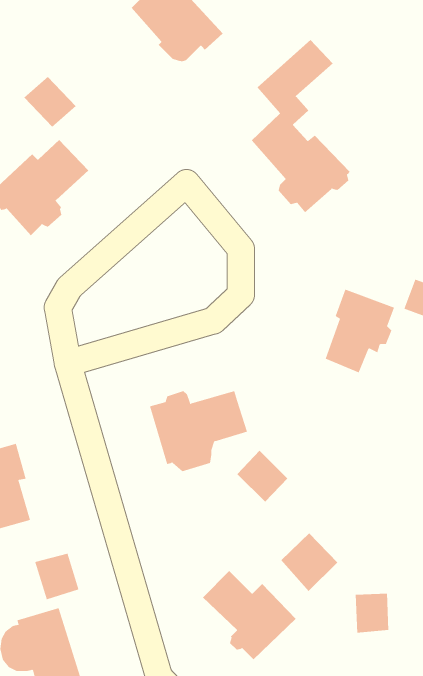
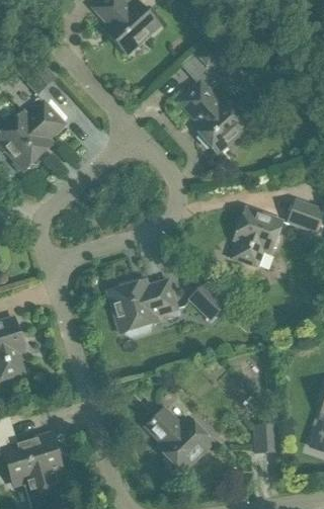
building: [237,450,288,503] -> [188,281,225,319]
building: [280,532,338,592] -> none
building: [34,553,79,600] -> none

